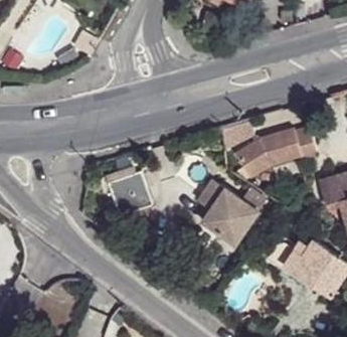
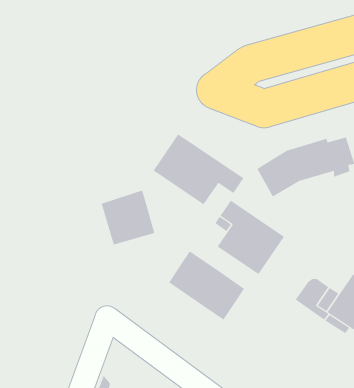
building: none -> [153,134,244,205]
building: none -> [168,251,245,320]

